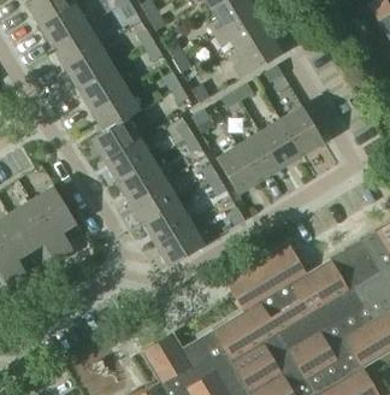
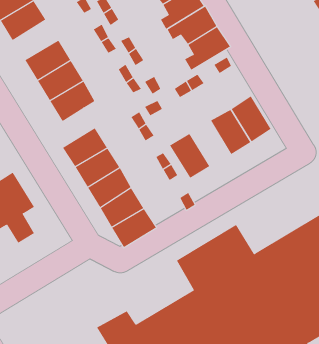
building: [52,24,101,67] -> none
building: [93,118,140,160] -> none
building: [240,131,283,179] -> none

